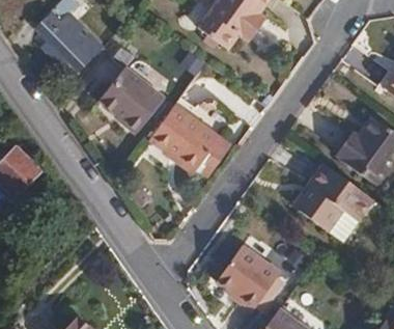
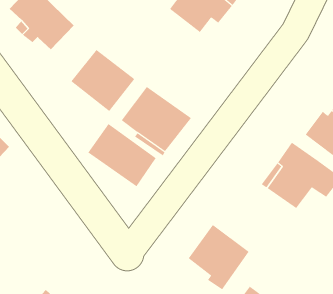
building: none -> [87,123,156,187]

